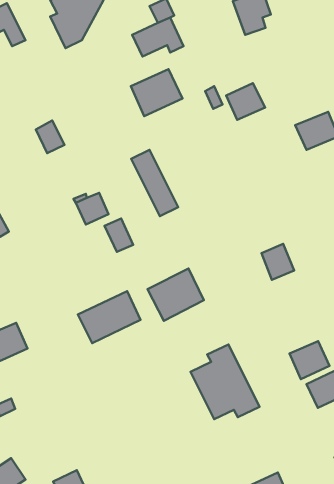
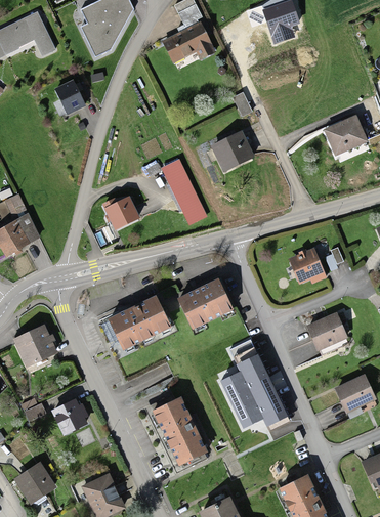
building: [131,69,182,116] -> none
building: [226,83,265,120] -> [214,129,253,166]
building: [36,120,65,153] -> [56,78,85,111]
building: [105,218,133,252] -> none
building: [290,341,330,379] -> [308,314,348,352]
building: none -> [154,398,206,467]
building: none -> [51,400,87,434]

